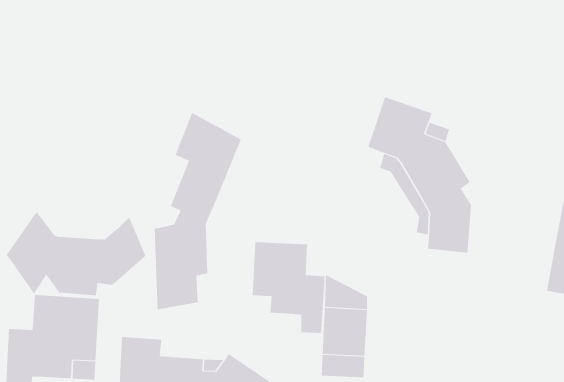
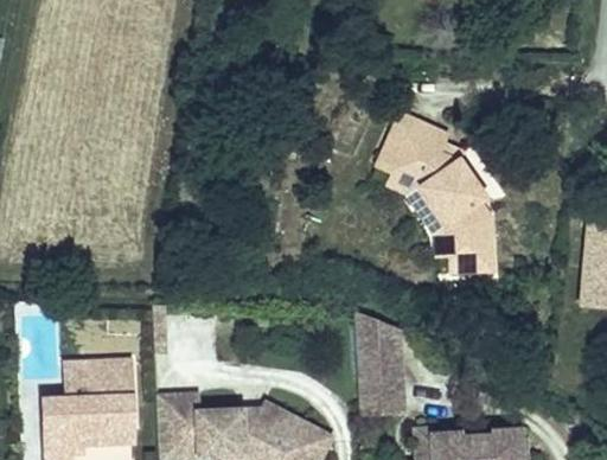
building: [154,112,241,310] -> none
building: [6,211,146,296] -> none
building: [252,242,325,334] -> none

